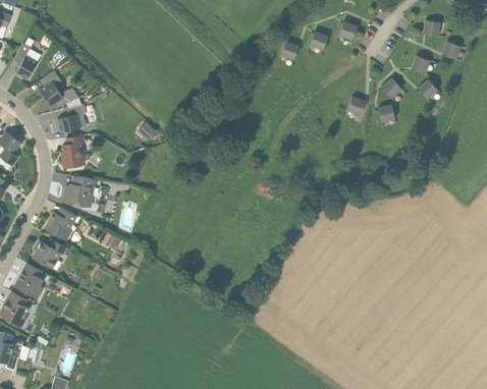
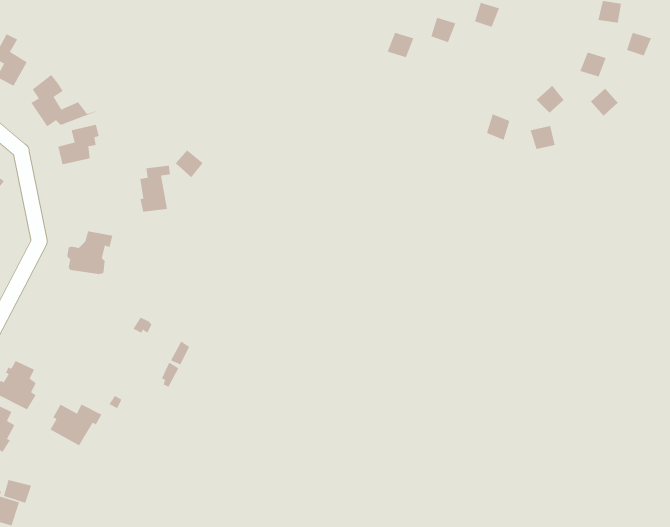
building: [62,135,84,167] -> [139,165,171,212]
building: [45,207,76,236] -> none
building: [32,239,67,268] -> [49,404,102,446]

